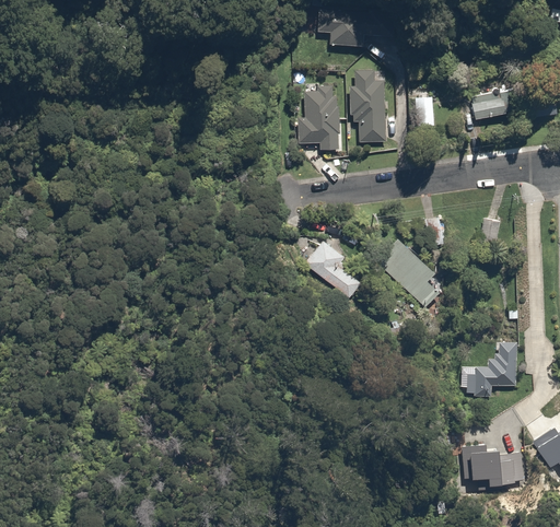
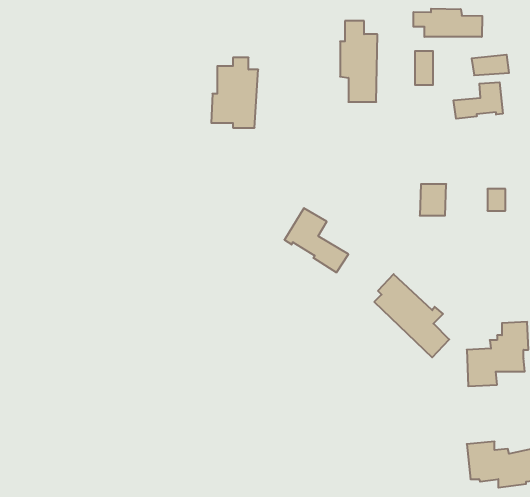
building: none -> [413,9,482,37]
building: [298,83,340,147] -> [211,58,258,128]
building: none -> [454,82,503,119]
building: [372,232,440,307] -> [374,274,449,357]

